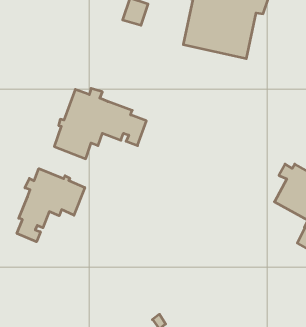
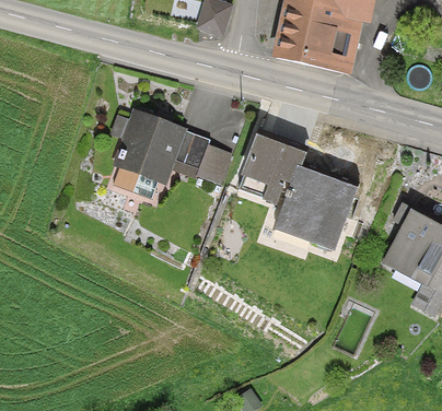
building: none -> [236,133,361,251]
building: [17,169,85,242] -> none

